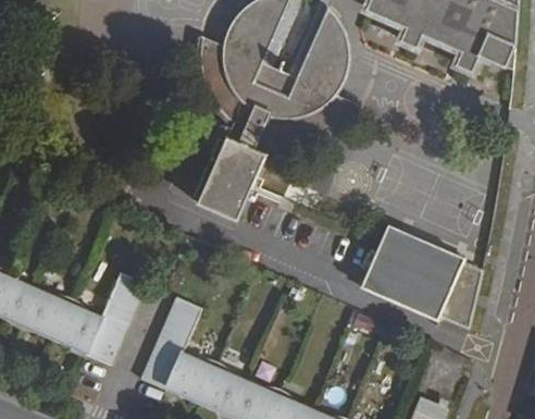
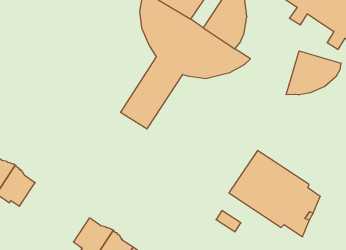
building: none -> [286,51,341,95]
building: [85,273,146,366] -> none
building: [139,297,201,390] -> none

